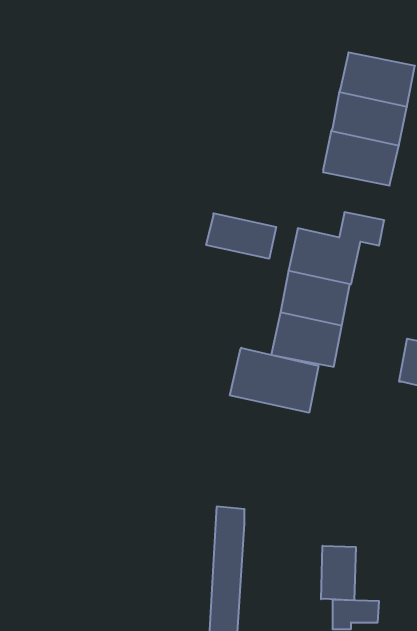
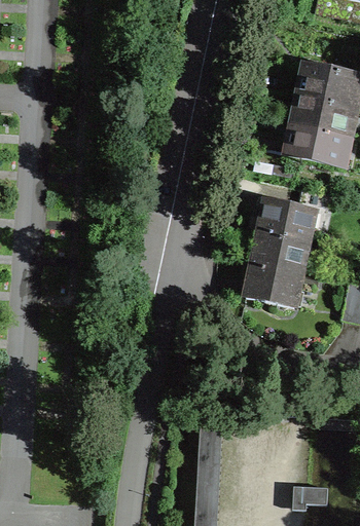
building: [206,213,276,259] -> none
building: [230,348,318,413] -> none
building: [321,546,356,600] -> none

